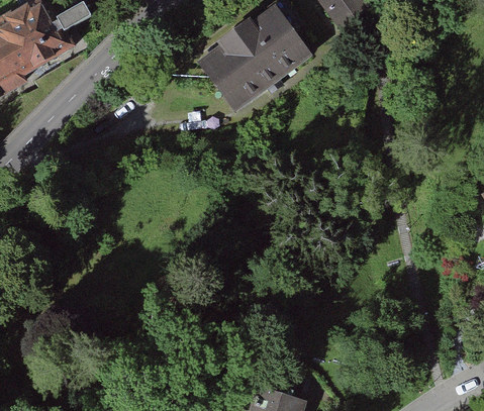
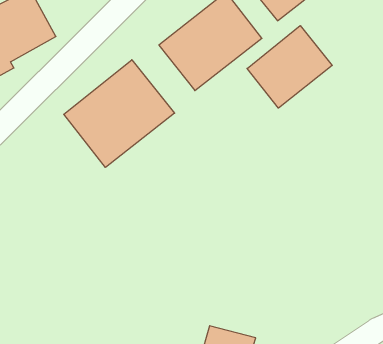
building: none -> [247,26,332,108]
building: none -> [64,60,175,167]

